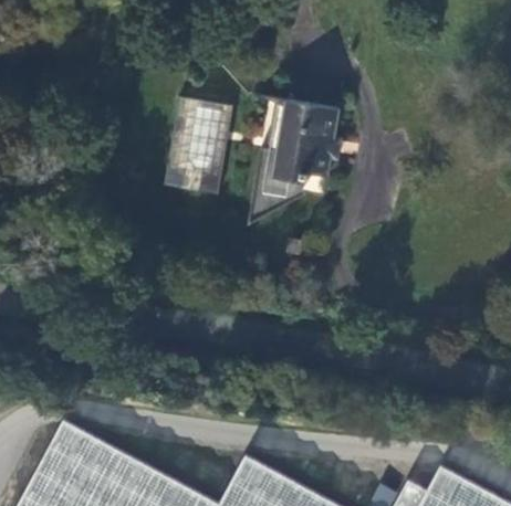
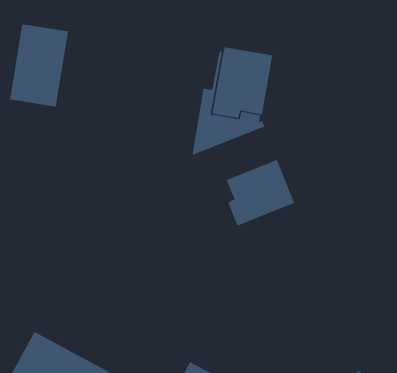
building: [163,97,232,194] -> [9,24,69,107]
building: none -> [226,159,295,227]

